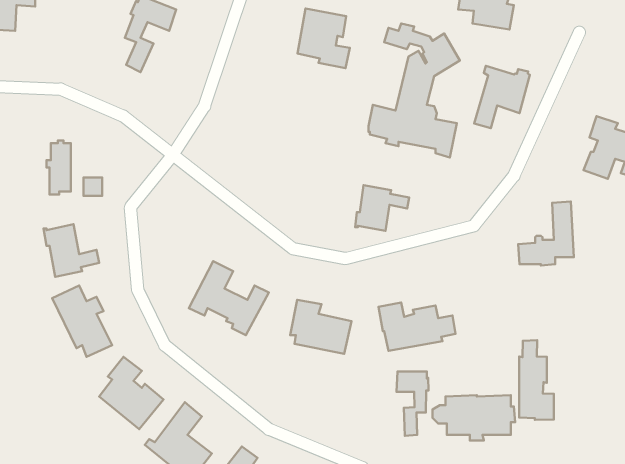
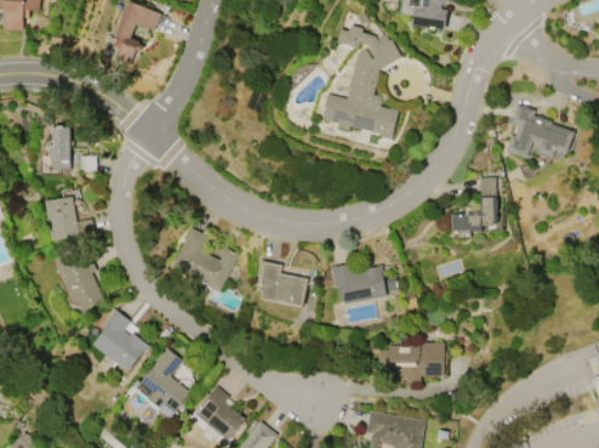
building: [297,9,350,68] -> none
building: [474,66,530,128] -> none
building: [355,185,409,231] -> none
building: [519,340,554,420] -> none
building: [396,371,429,436] -> none

